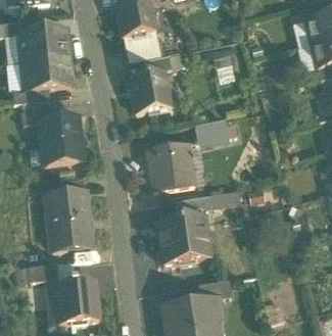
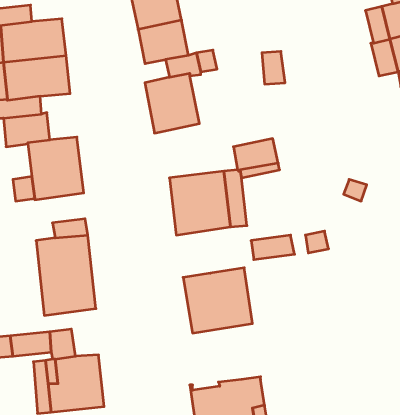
building: [175,194,210,219] -> none
building: [198,278,231,298] -> none

